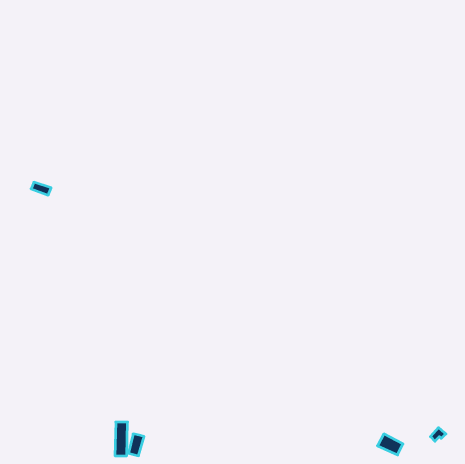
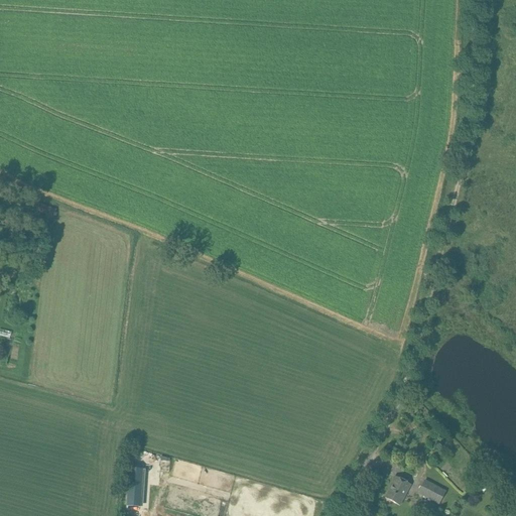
building: none -> [386,475,412,504]

